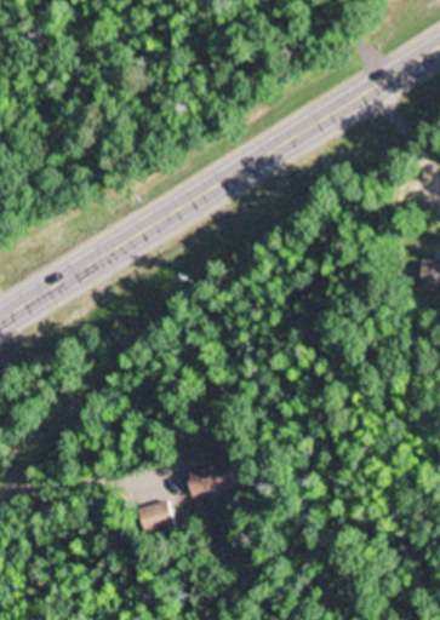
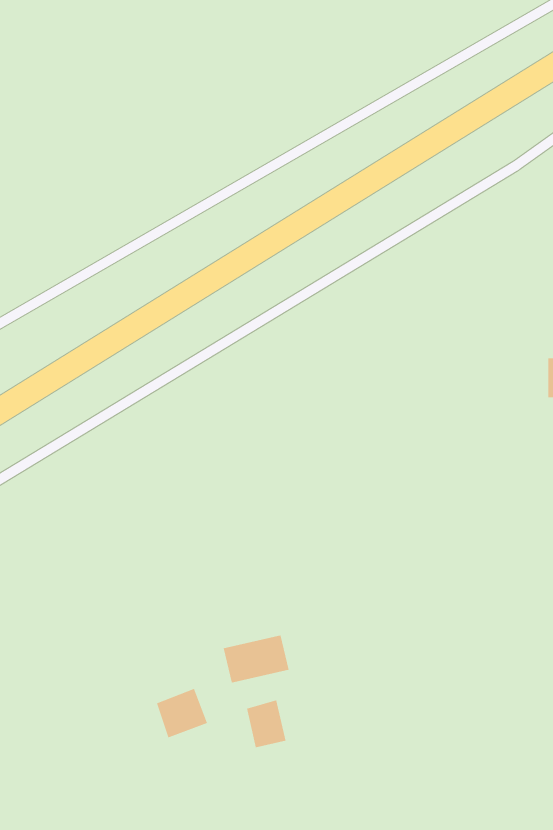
building: none -> [247,700,286,748]

